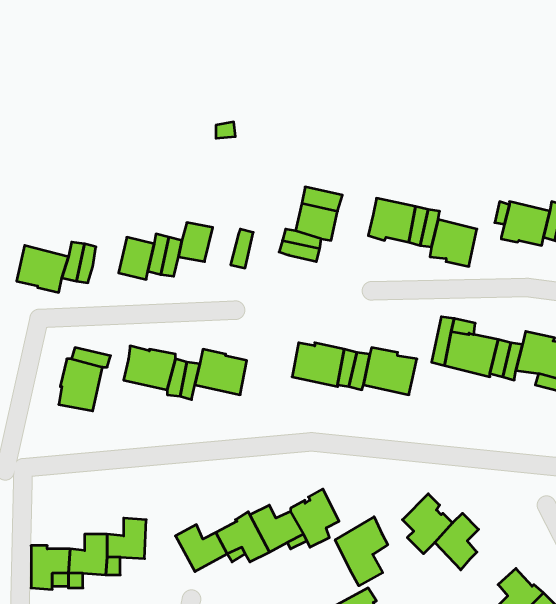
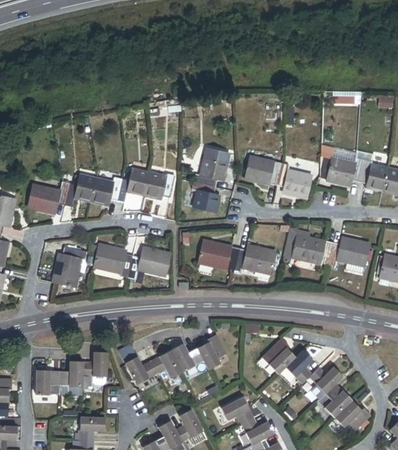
building: none -> [143,173,164,198]
building: none -> [74,175,95,201]
building: none -> [191,190,218,212]
building: [335,517,388,586] -> none
building: none -> [307,366,342,393]

